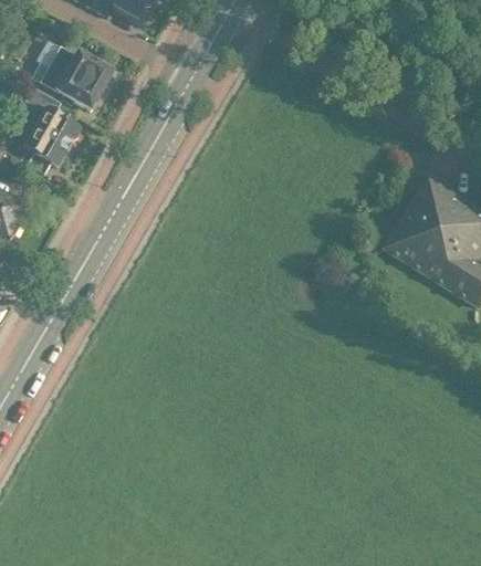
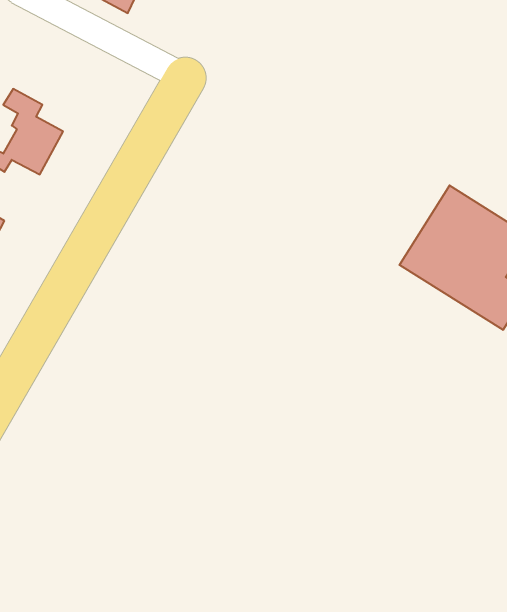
building: [36,41,113,111] -> none

